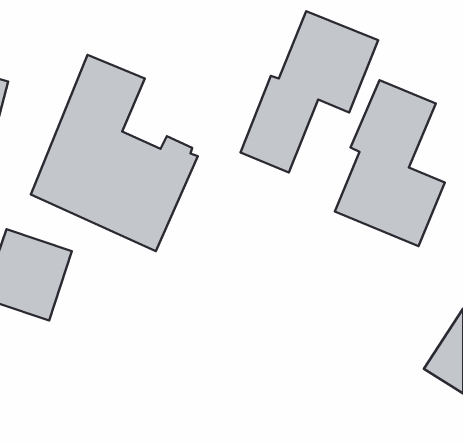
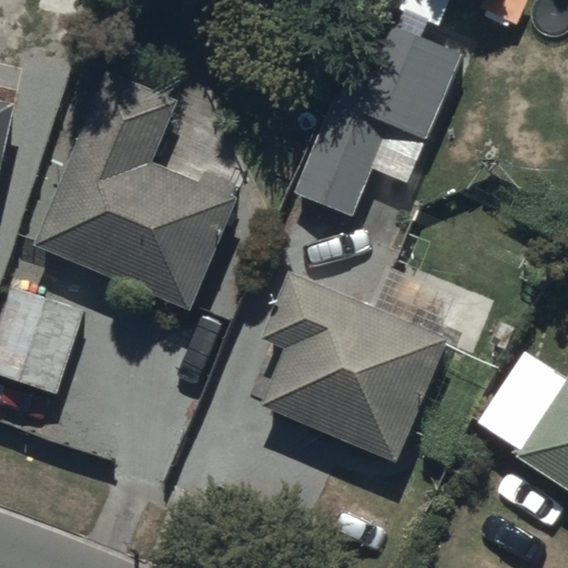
building: [335,80,445,246] -> none
building: none -> [262,272,446,460]

